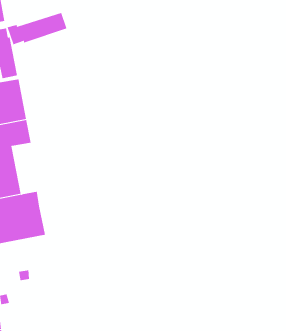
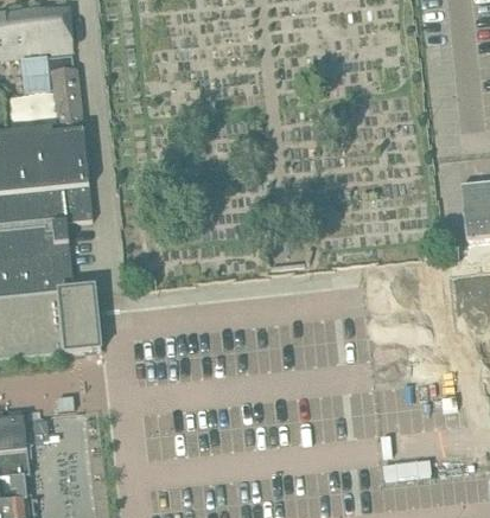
building: [7,12,67,45] -> none

